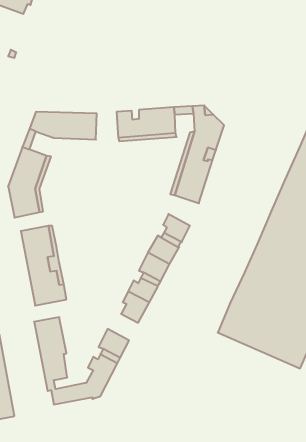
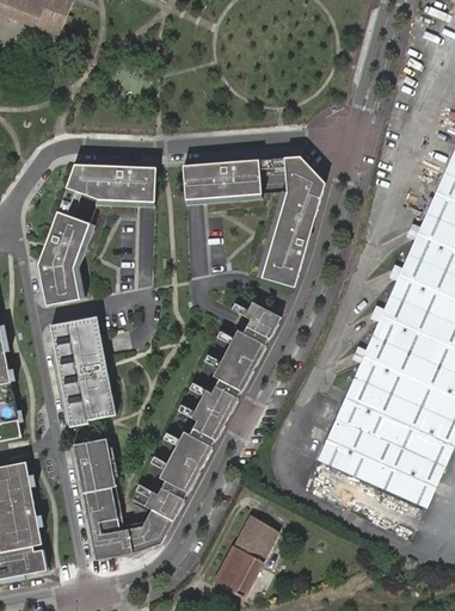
building: none -> [50,323,87,426]
building: none -> [171,431,213,469]
building: none -> [214,513,278,595]

